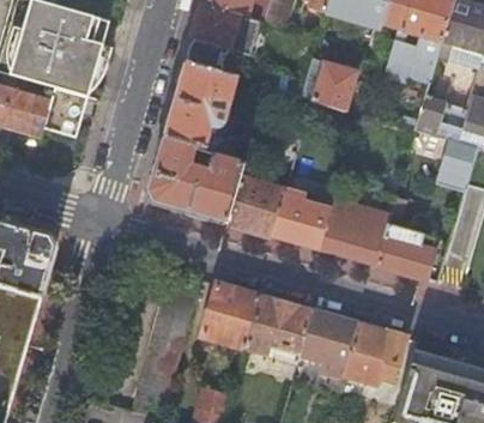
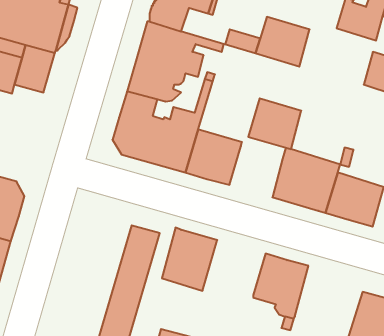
building: [273,195,329,249] -> [248,98,301,149]
building: [244,295,311,355] -> none
building: [343,322,407,386] -> none

